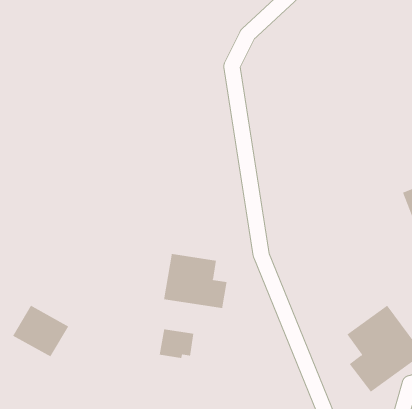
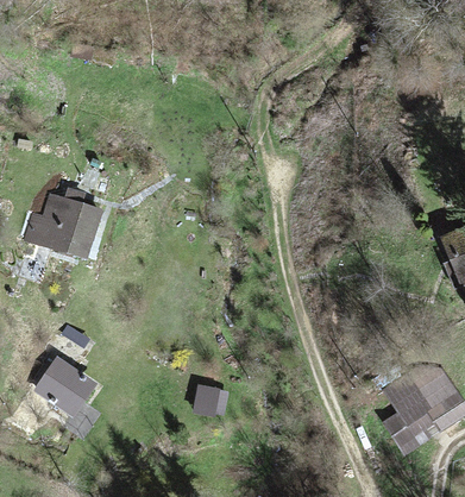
building: none -> [33,195,99,257]
building: [164,253,227,309] -> none

